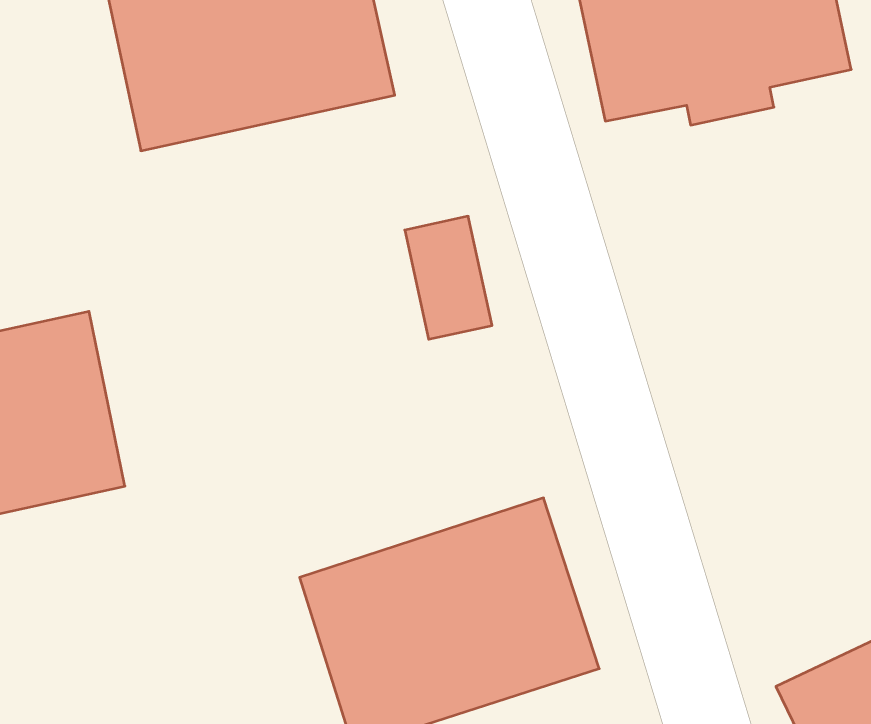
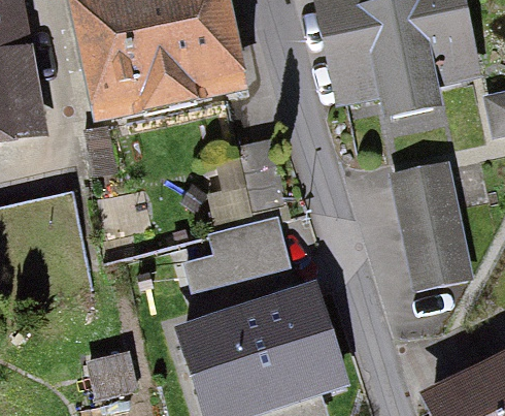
building: none -> [395,163,468,285]
building: none -> [187,217,287,286]

